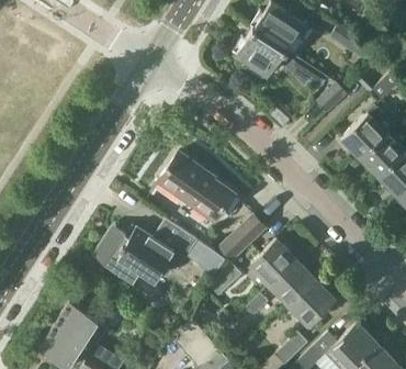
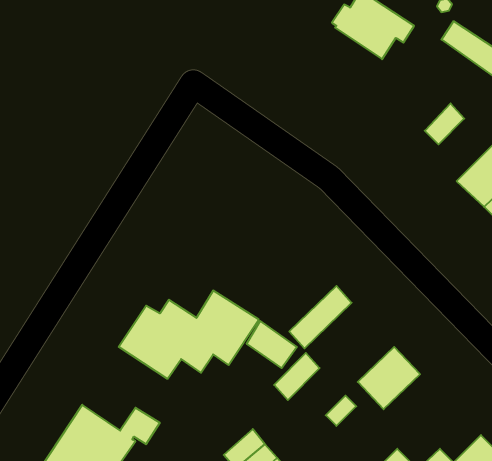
building: [233,29,328,89] -> none
building: [158,153,235,222] -> none
building: [250,239,295,284] -> none
building: [287,279,334,324] -> none

